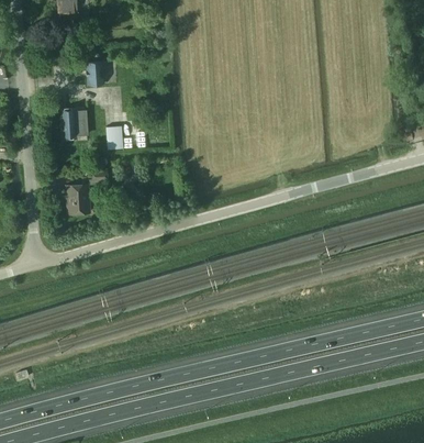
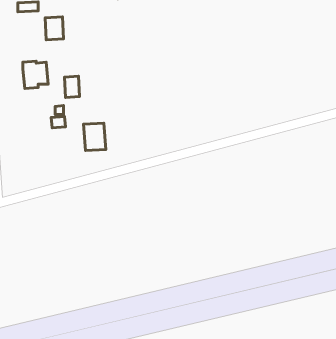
building: [66,184,90,213] -> [84,123,106,150]

